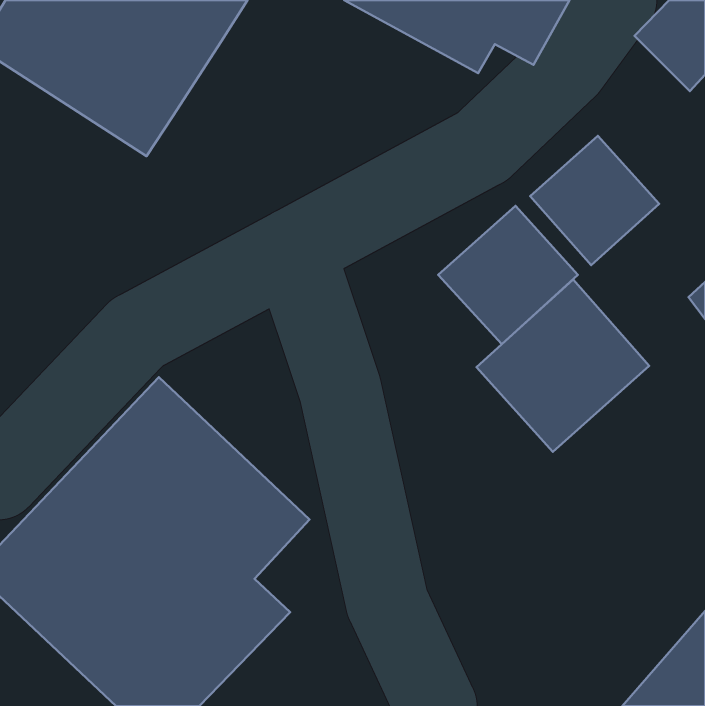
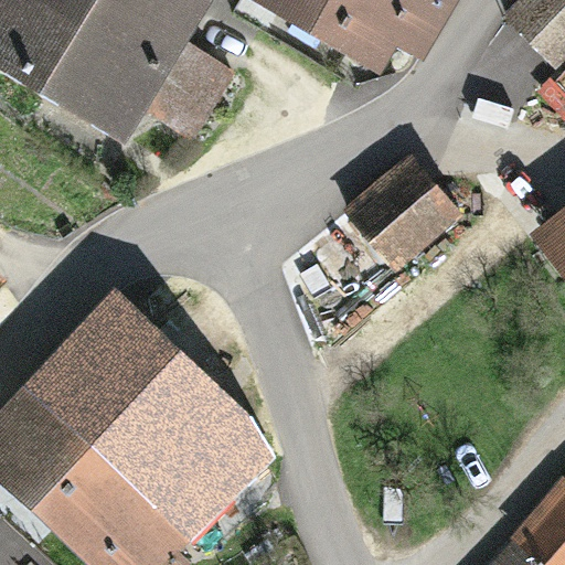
building: none -> [138,33,226,126]
building: [530,136,659,265] -> none
building: [476,279,649,452] -> none

